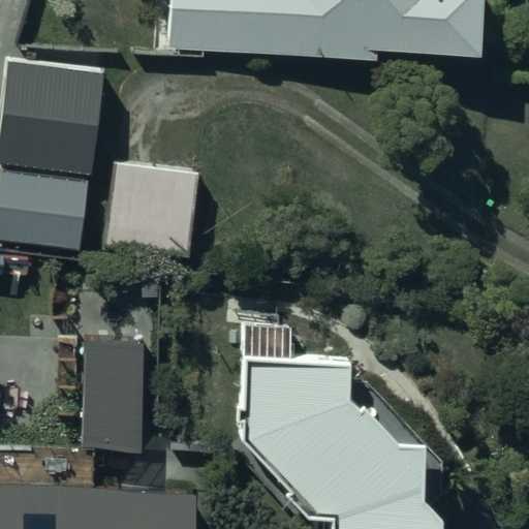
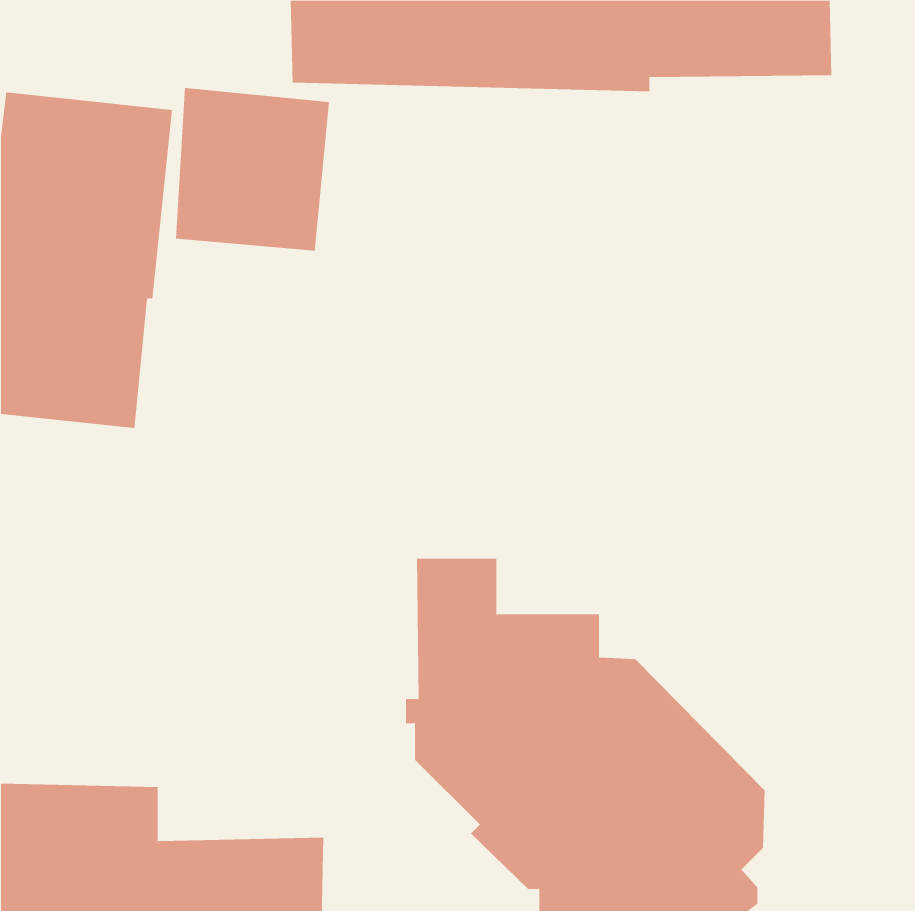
building: [108,159,197,253] -> [175,87,330,251]
building: [83,340,143,449] -> none

